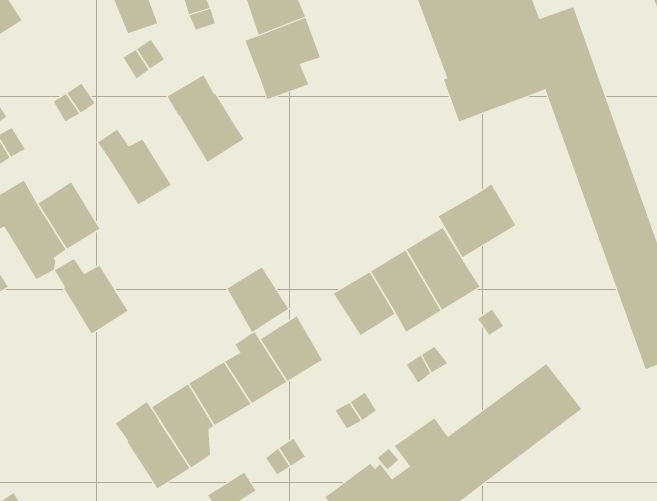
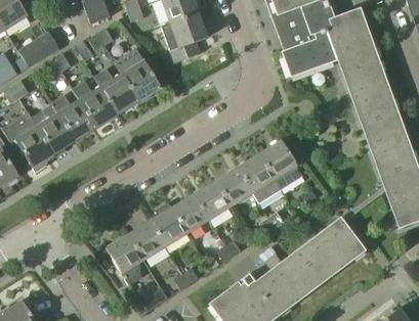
building: none -> [18,33,57,67]
building: none -> [93,68,138,114]
building: [438,183,516,258] -> none
building: [54,258,129,335] -> [51,95,96,141]
building: [226,266,289,333] -> [193,180,231,220]
building: [115,401,190,489] -> none

